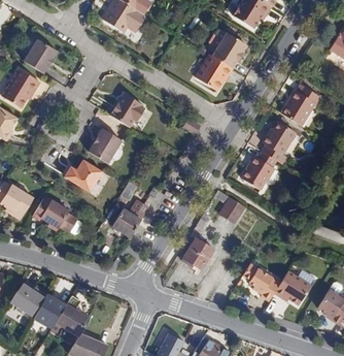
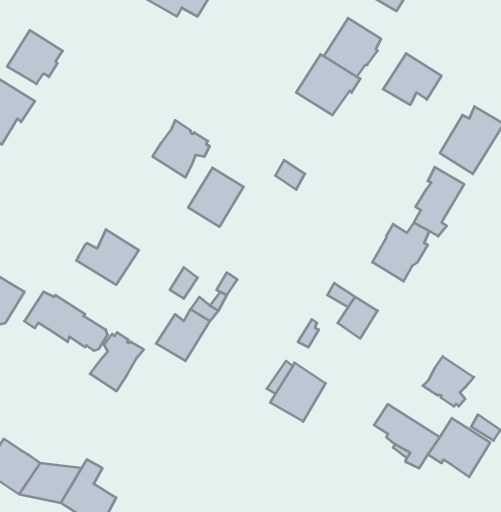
building: none -> [383,53,441,105]
building: [89,128,122,163] -> [188,168,244,227]
building: none -> [90,332,144,391]
building: none -> [423,356,474,406]

